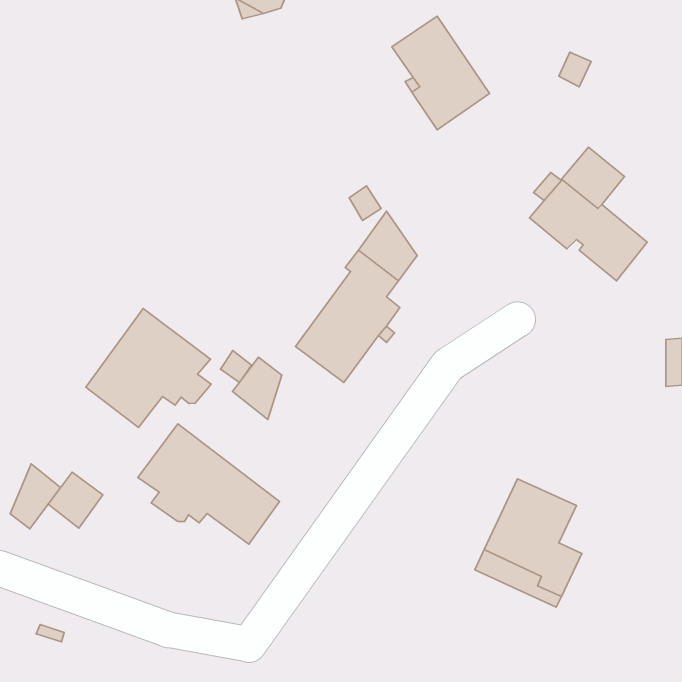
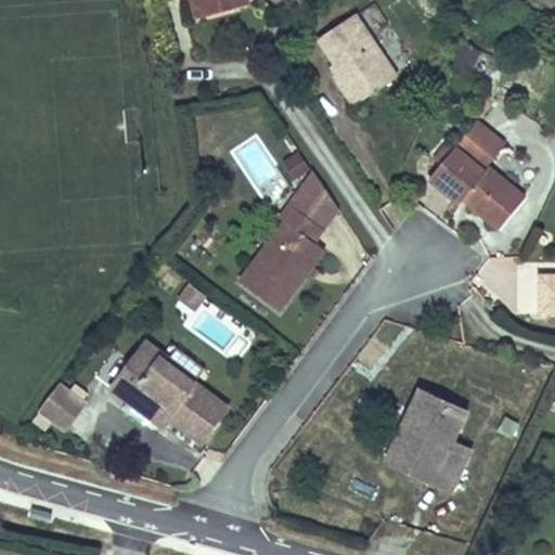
building: [86,309,211,428] -> none
building: [233,357,282,419] -> none
building: [10,464,60,529] -> none

